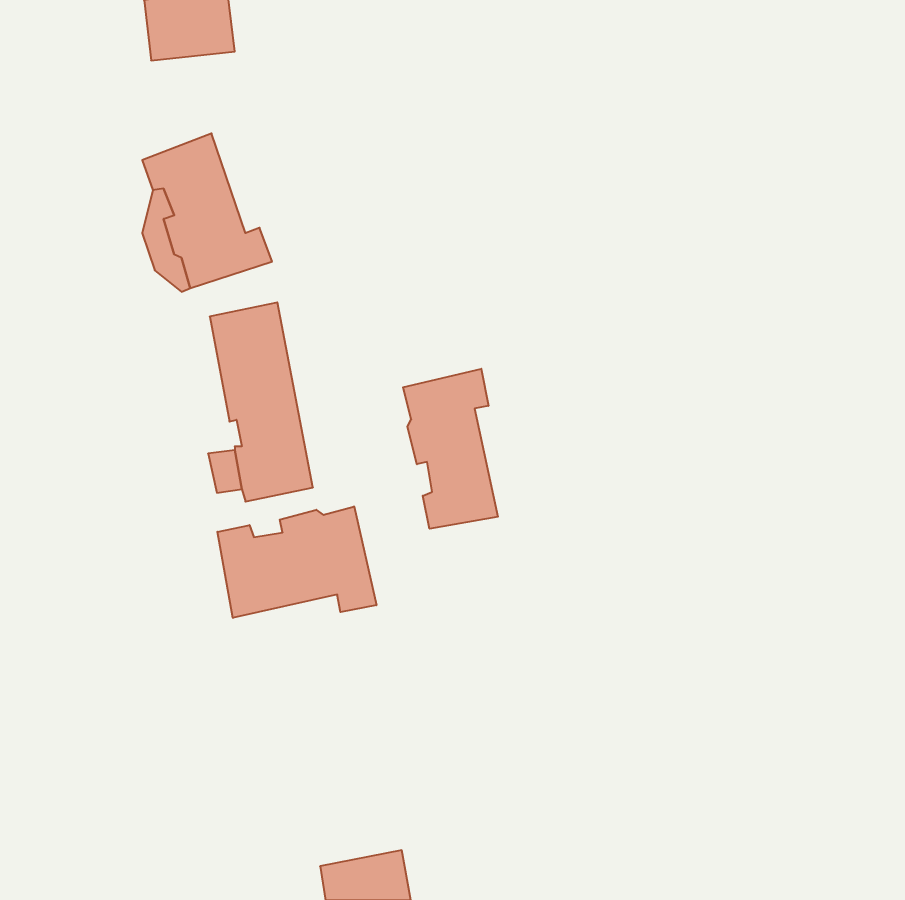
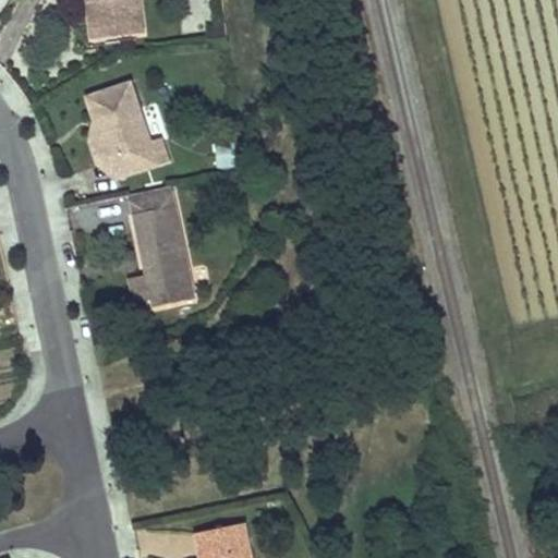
building: [403,369,498,529] -> none
building: [217,506,376,618] -> none

